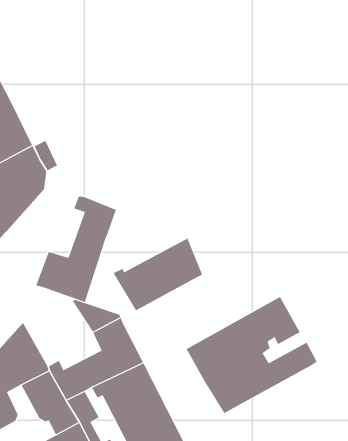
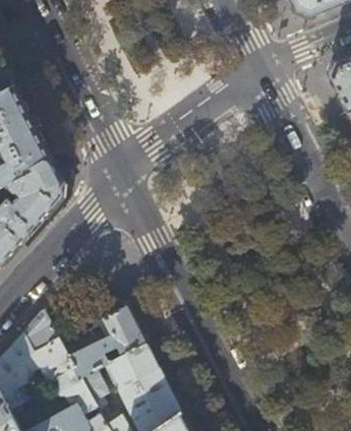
building: [36,196,116,303] -> none
building: [113,237,203,311] -> none
building: [186,296,318,414] -> none

